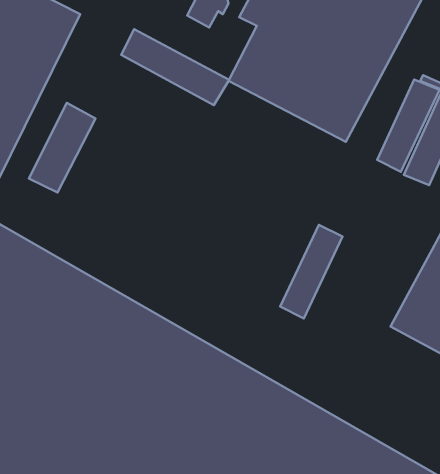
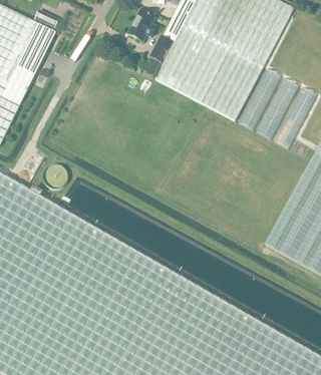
building: [121,29,229,105] -> none
building: [29,103,95,192] -> none
building: [280,225,342,318] -> [239,67,281,130]

